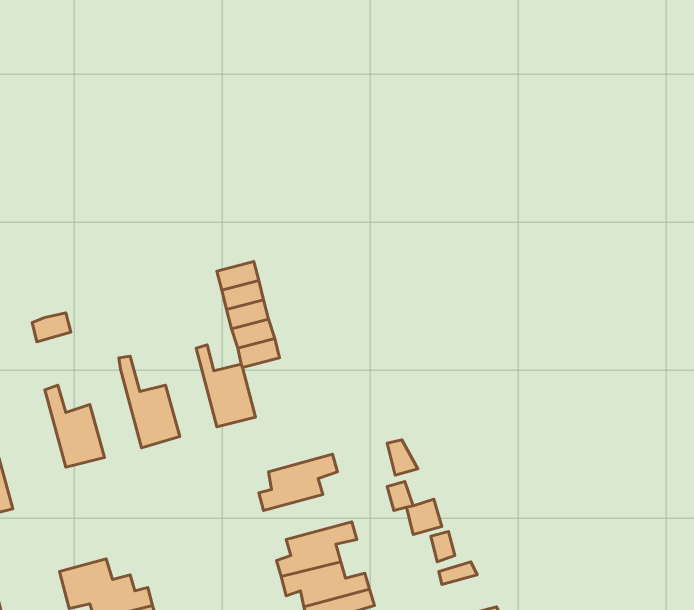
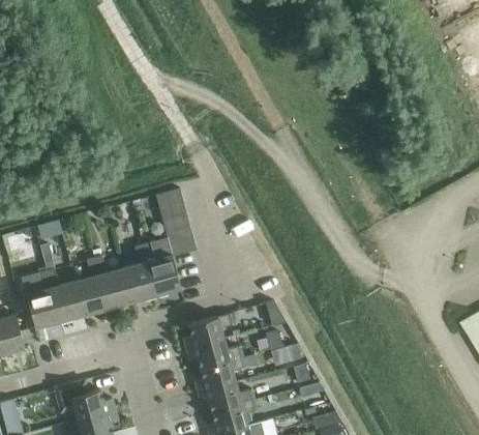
building: none -> [123,245,156,302]
building: none -> [74,259,108,316]
building: none -> [26,272,59,329]
building: none -> [186,340,243,369]

